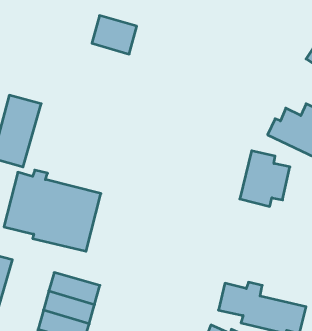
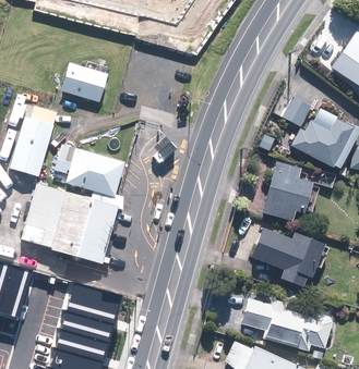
building: [92,16,137,54] -> [61,64,107,103]
building: none -> [280,97,311,127]
building: none -> [55,145,127,198]
building: none -> [252,225,326,286]

